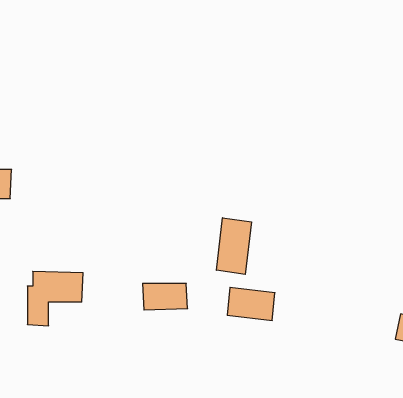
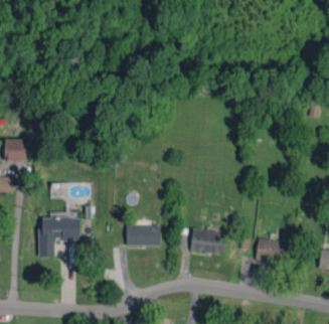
building: [216,218,251,274] -> none
building: none -> [256,239,291,263]

